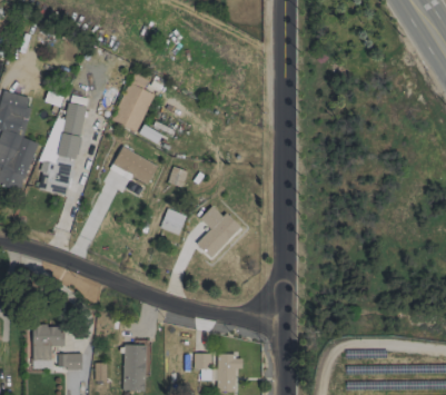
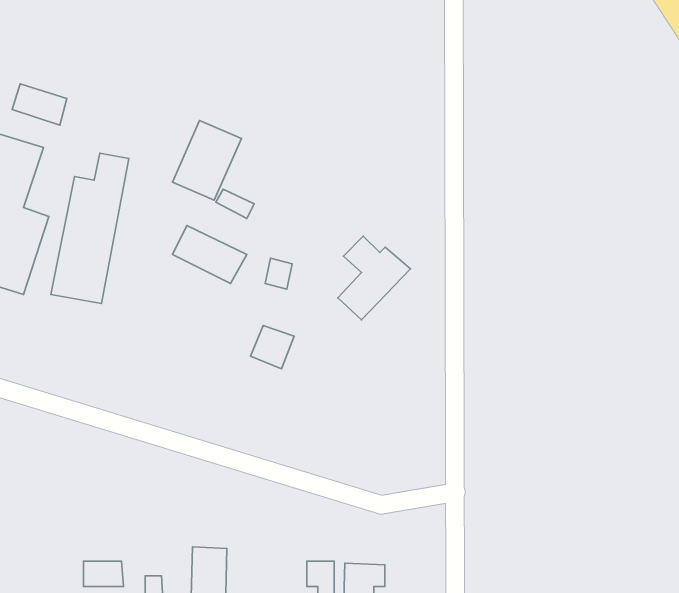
building: none -> [12,84,67,125]
building: [197,206,241,257] -> [338,236,411,320]
building: [32,326,65,367] -> none

